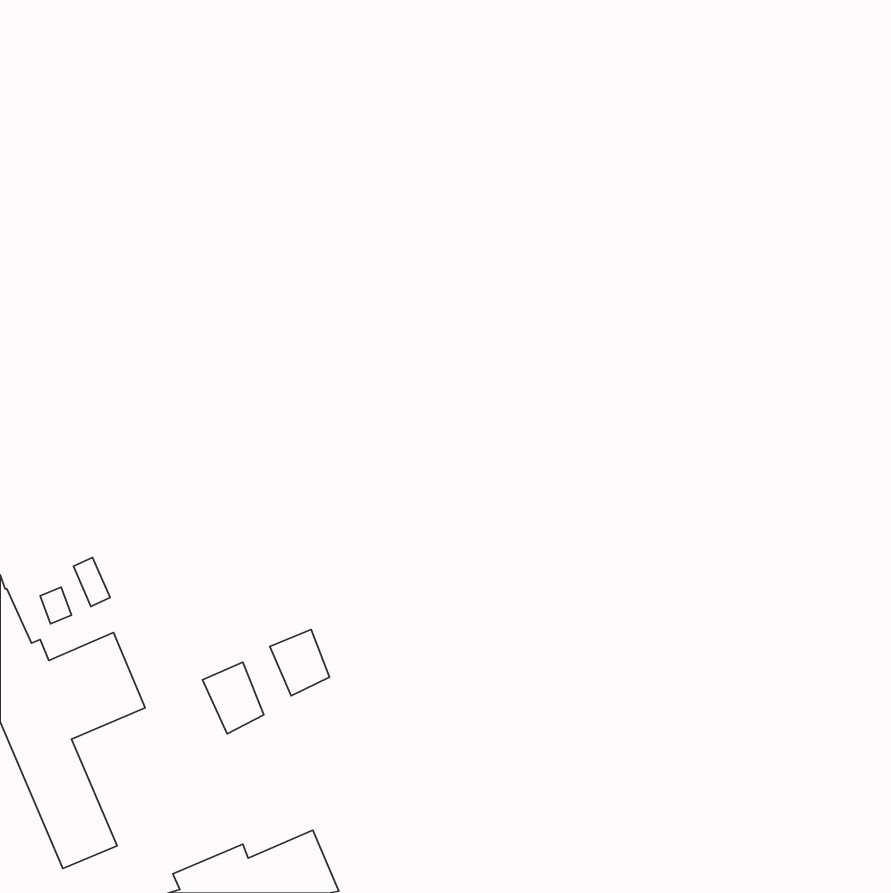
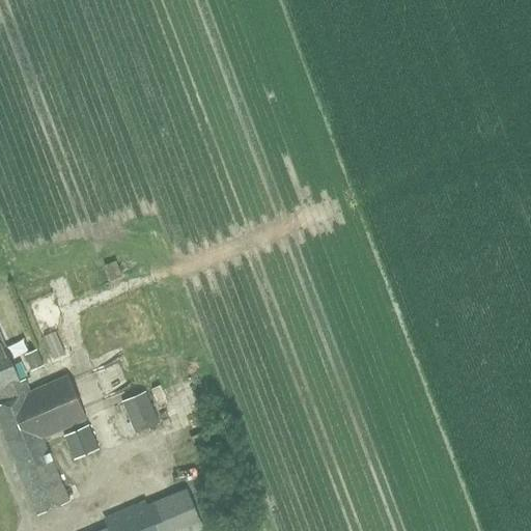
building: [270,630,329,696] -> none
building: none -> [65,426,97,459]

